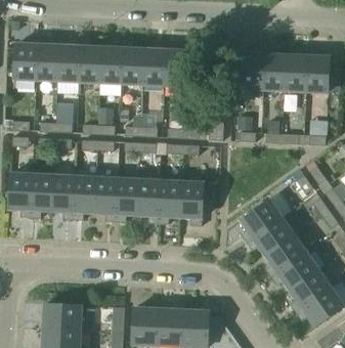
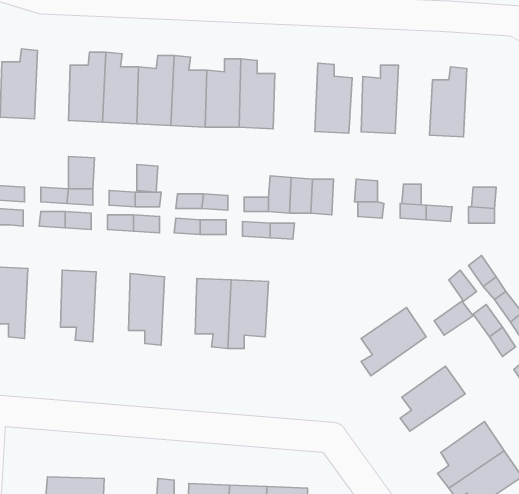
building: [36,37,58,81] -> none
building: [263,46,287,90] -> [315,63,352,133]
building: [306,48,329,92] -> none
building: [30,174,53,218] -> none
building: [73,176,96,220] -> none
building: [116,179,138,222] -> none
building: [181,182,203,226] -> none
building: [248,217,295,255] -> none
building: [272,253,319,290] -> none

